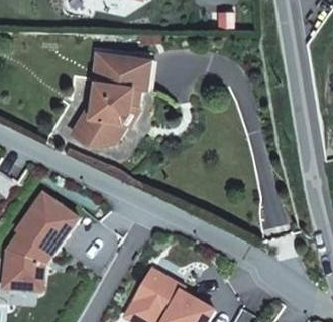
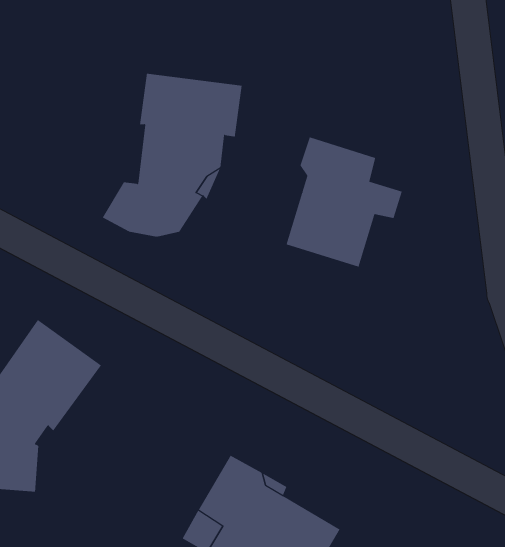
building: none -> [286,137,402,267]

